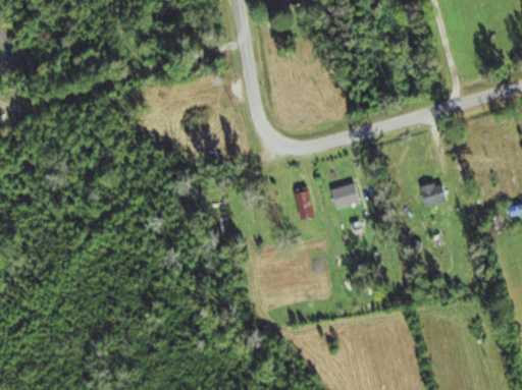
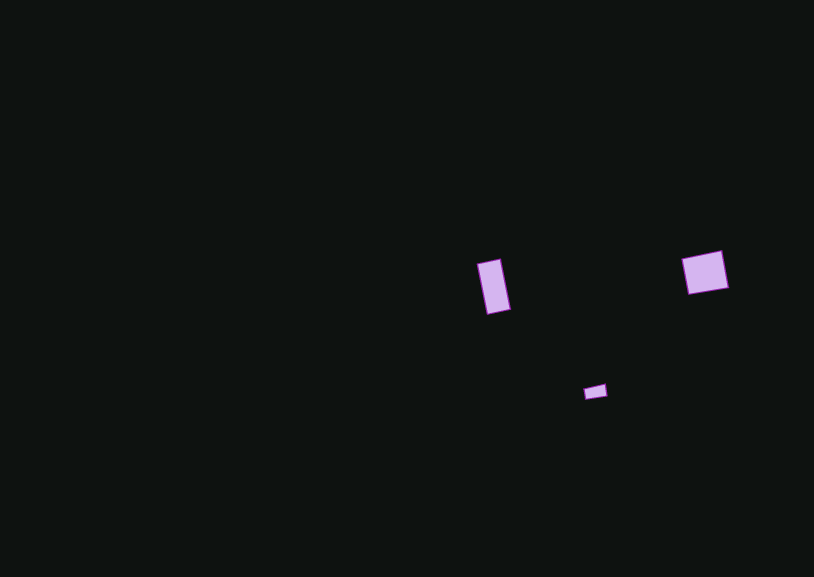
building: [329,182,360,209] -> none

